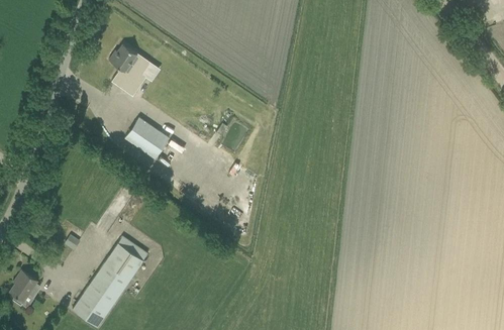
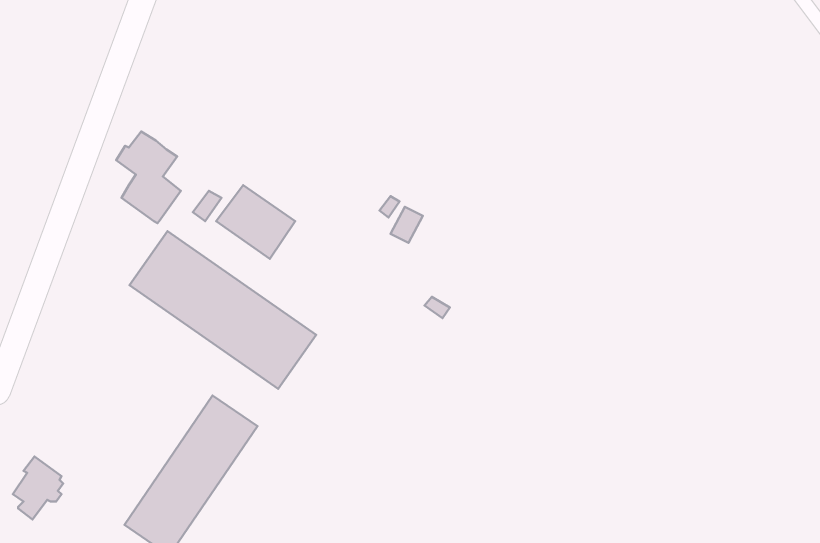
building: [109,44,145,96] -> [116,131,181,223]
building: none -> [130,231,316,389]

